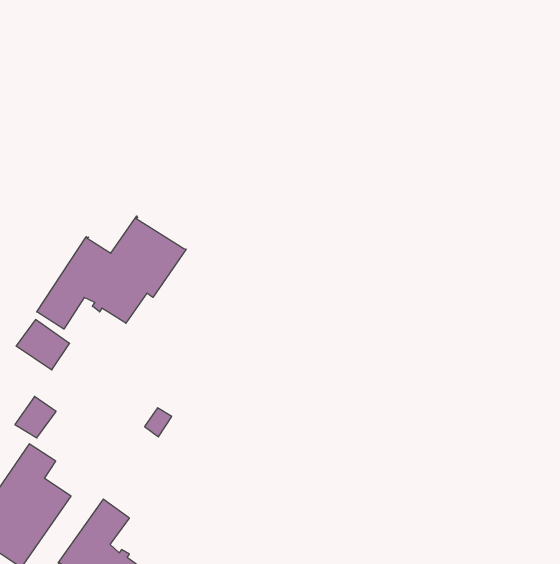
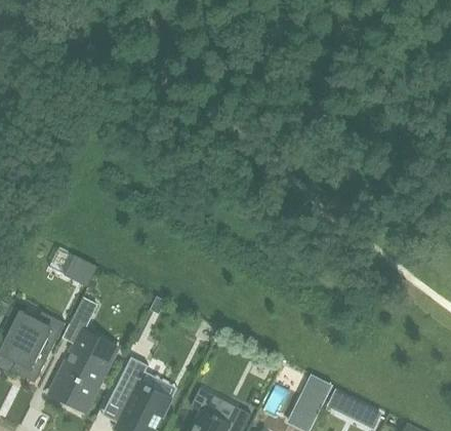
building: [37,216,186,329] -> none

